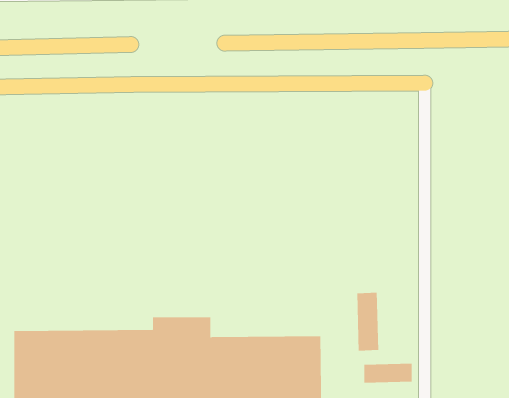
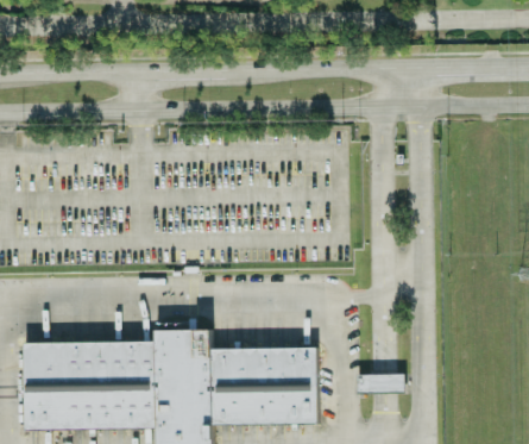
building: [357,292,379,351] -> none

